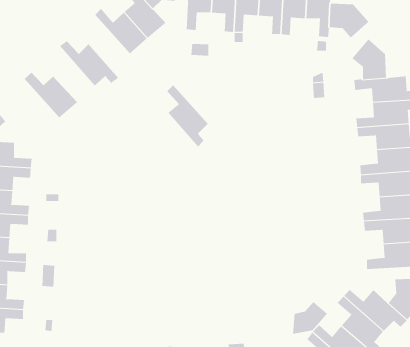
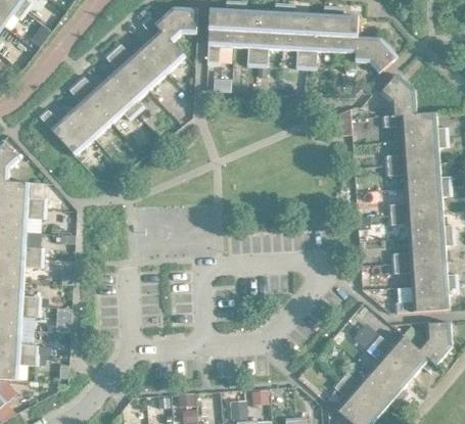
building: none -> [66,81,110,139]
building: [166,84,209,147] -> [103,48,147,113]
building: [293,301,328,335] -> none

